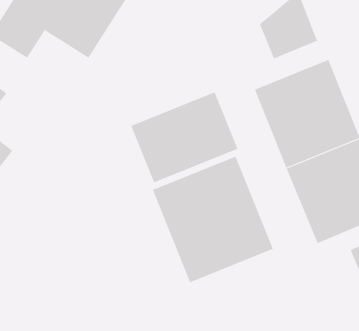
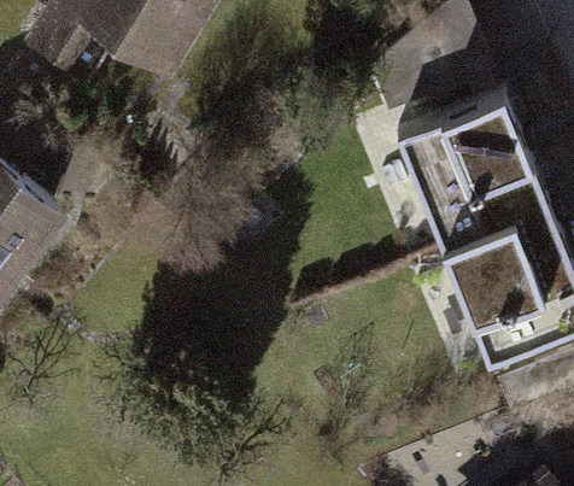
building: [130,91,238,183] -> none
building: [152,156,274,283] -> none

